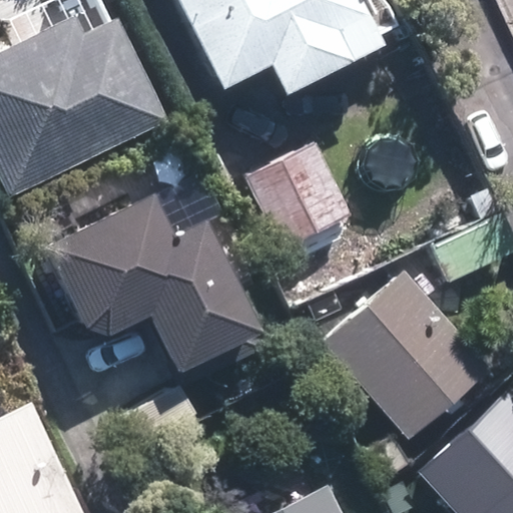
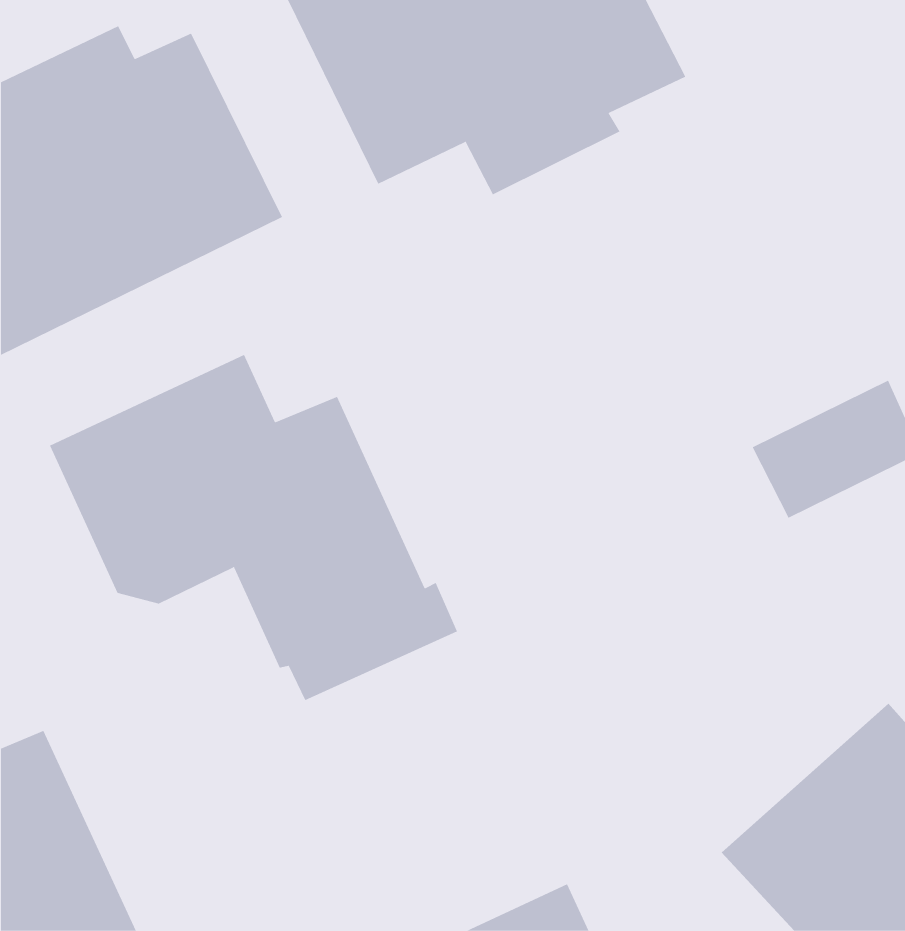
building: [247,139,349,245] -> none
building: [324,271,488,438] -> none

